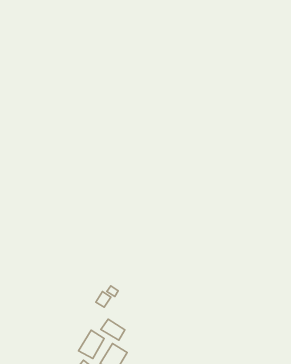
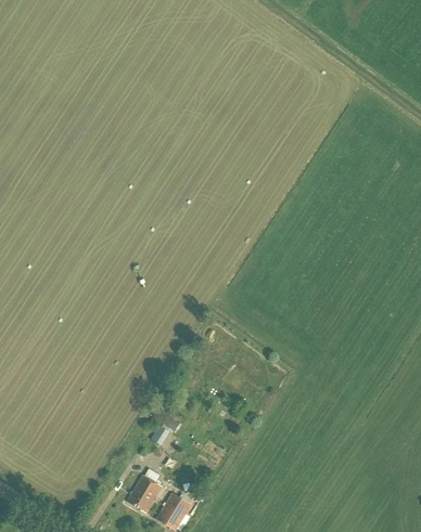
building: [101,319,125,340] -> none

